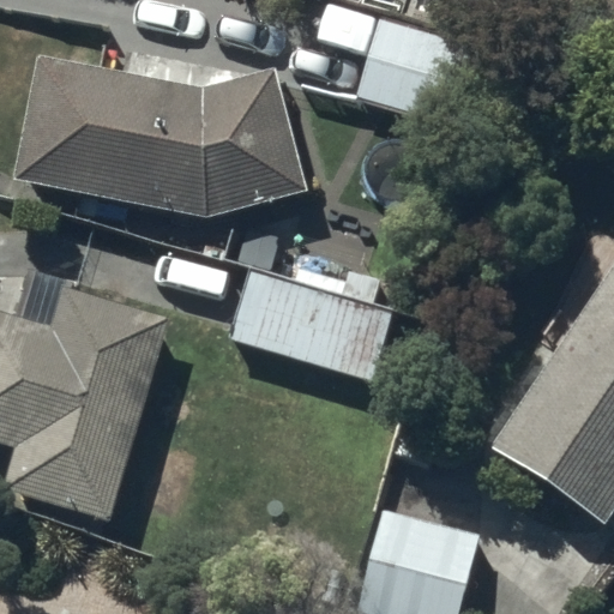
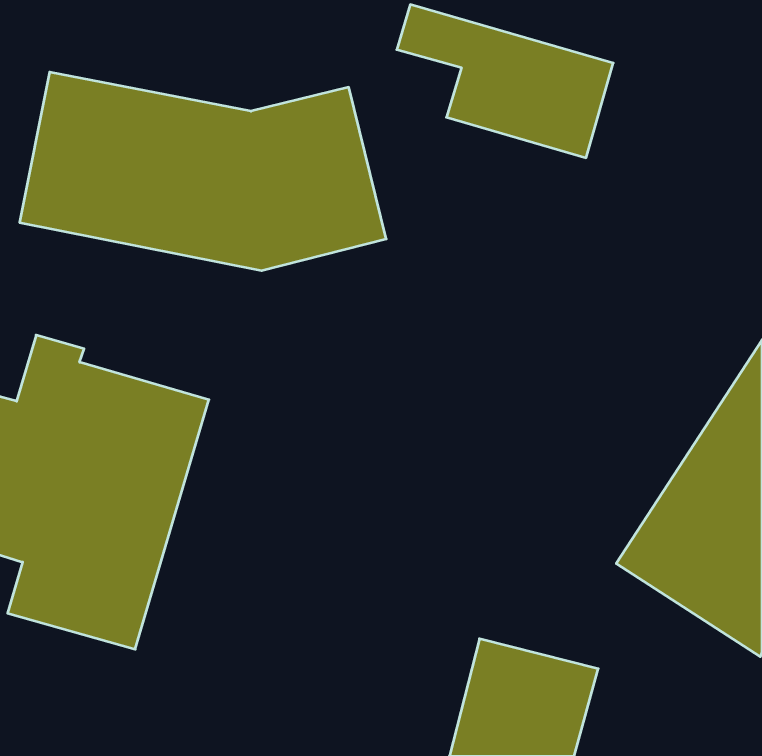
building: [228,266,392,381] -> none

